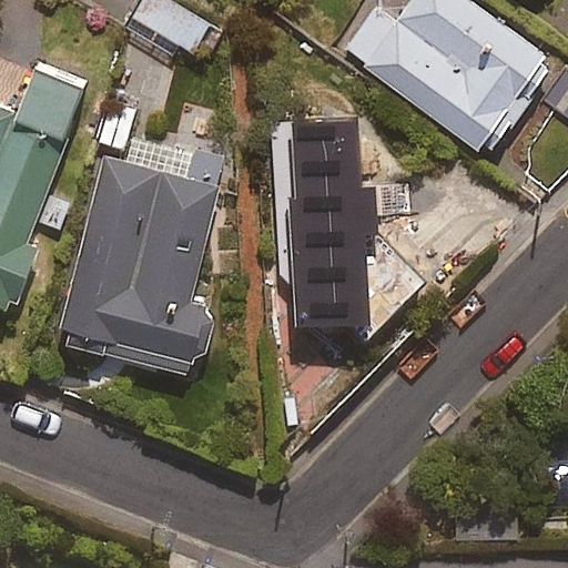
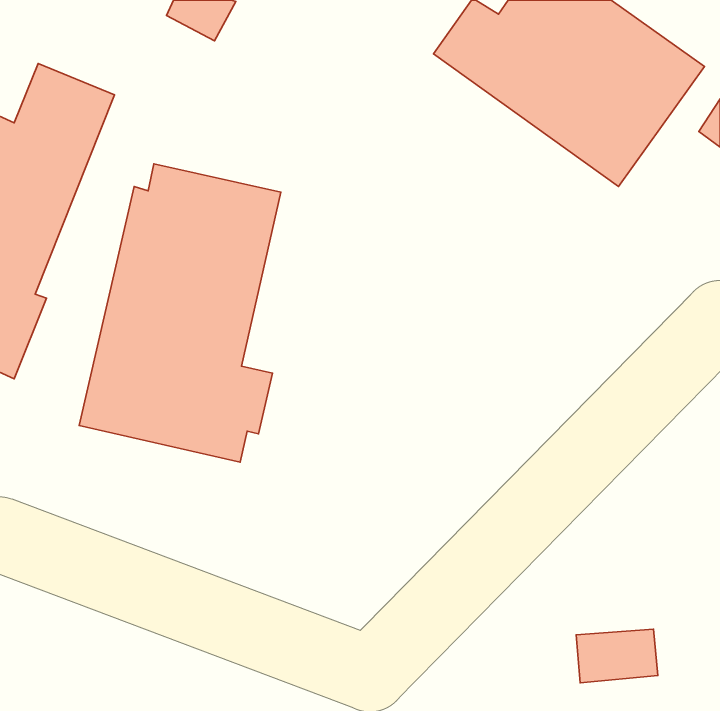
building: [270,130,417,341] -> none

